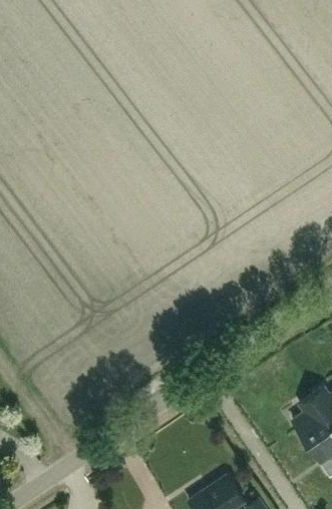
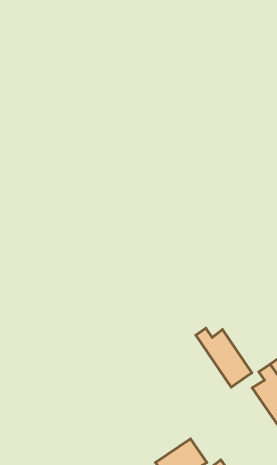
building: none -> [196,328,252,387]

